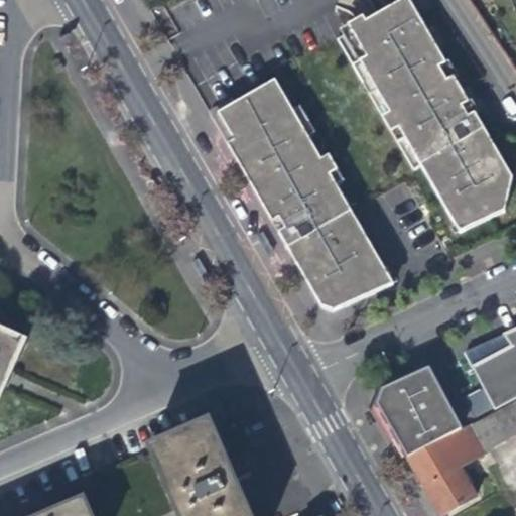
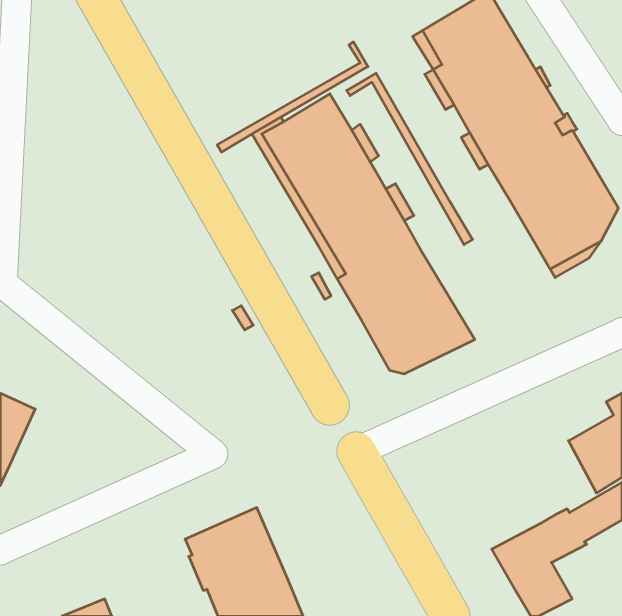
building: none -> [217,42,368,152]
building: none -> [347,73,473,245]
building: [377,368,460,455] -> none

